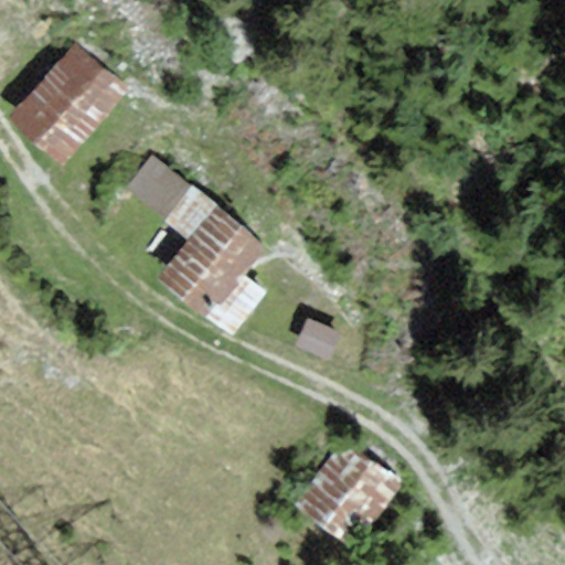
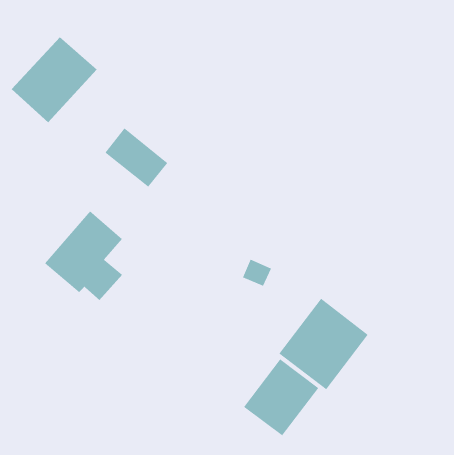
building: [160,211,257,322] -> [44,211,123,301]
building: none -> [279,298,369,390]

